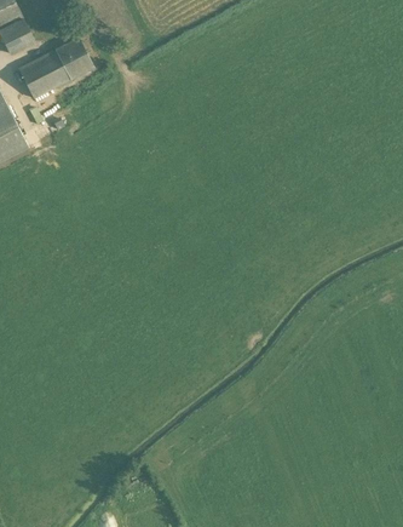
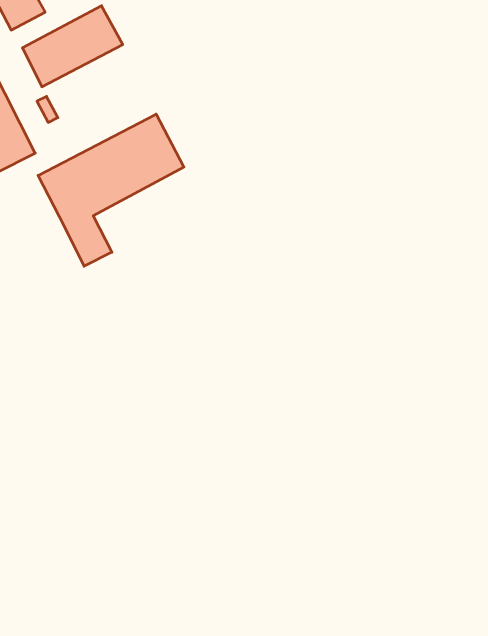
building: none -> [38,114,184,266]

